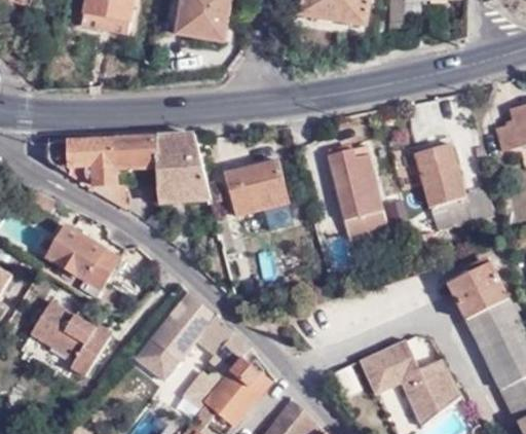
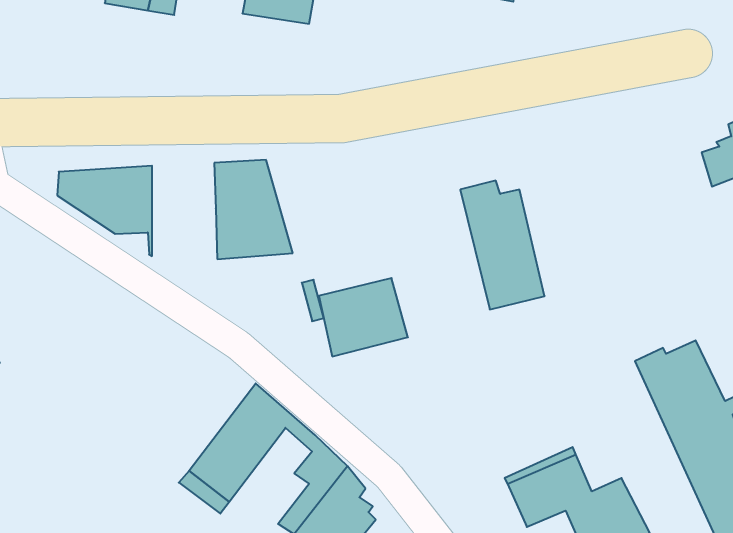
building: [114,138,158,208] -> none
building: [414,146,485,224] -> none
building: [228,165,290,219] -> [319,278,408,356]
building: [42,225,110,286] -> none
building: [29,300,107,369] -> none

